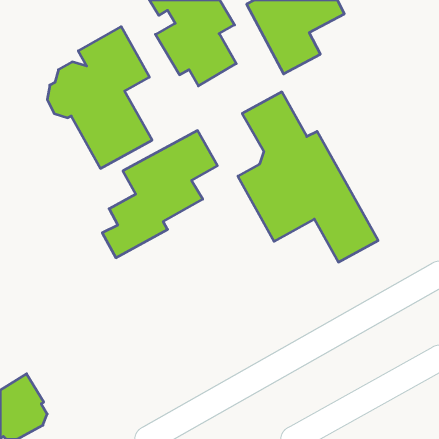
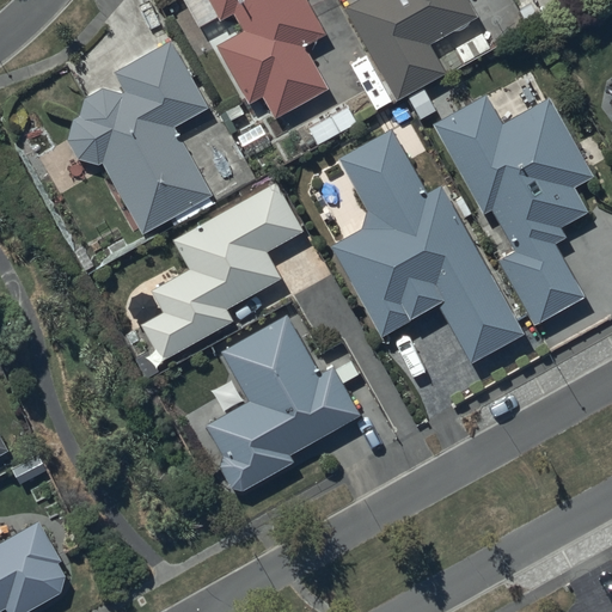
building: none -> [434,96,593,325]
building: none -> [206,307,366,491]

